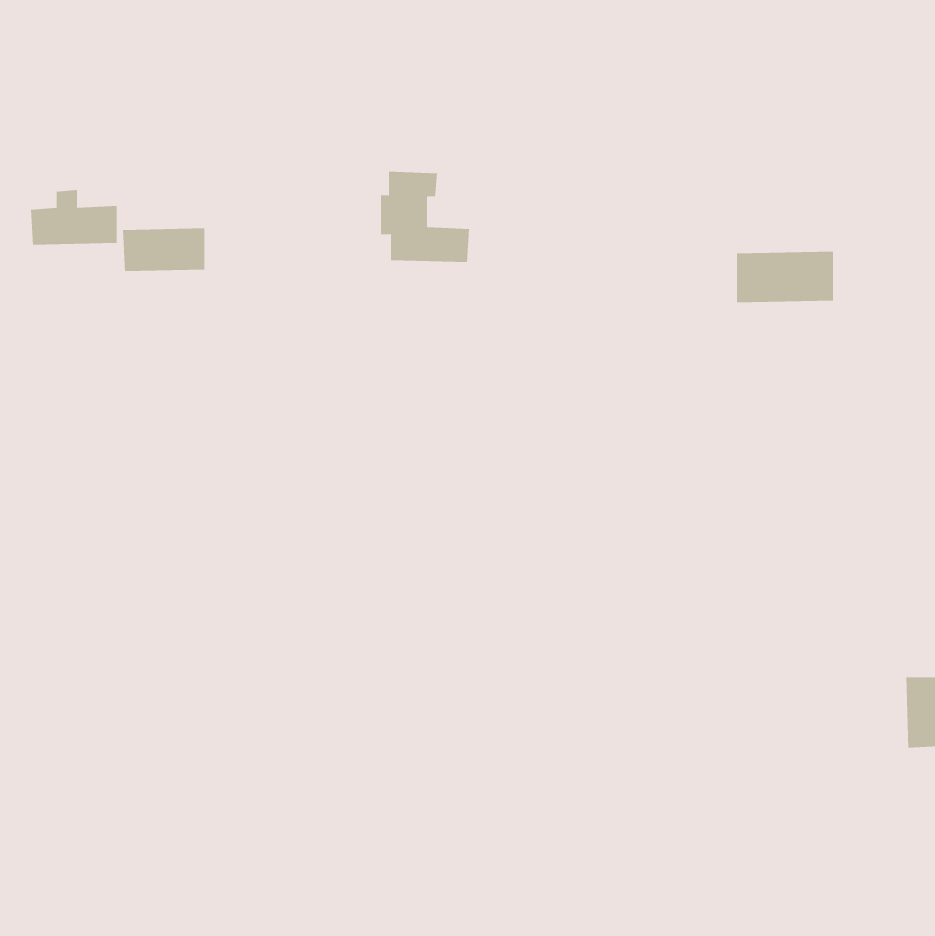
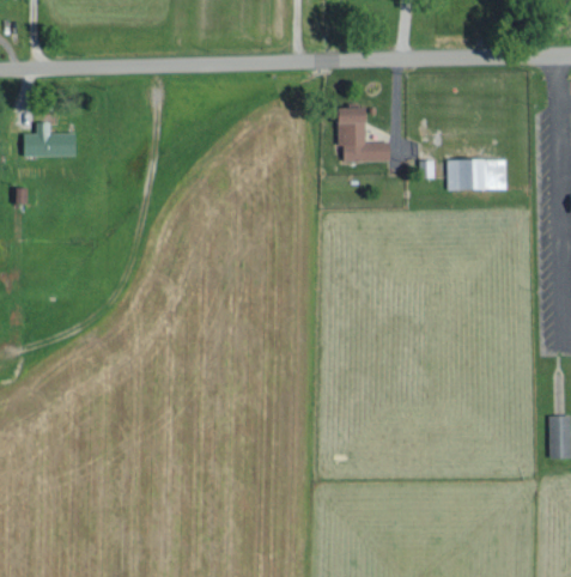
building: [380,171,470,263] -> [338,108,391,163]
building: [122,228,205,272] -> none

